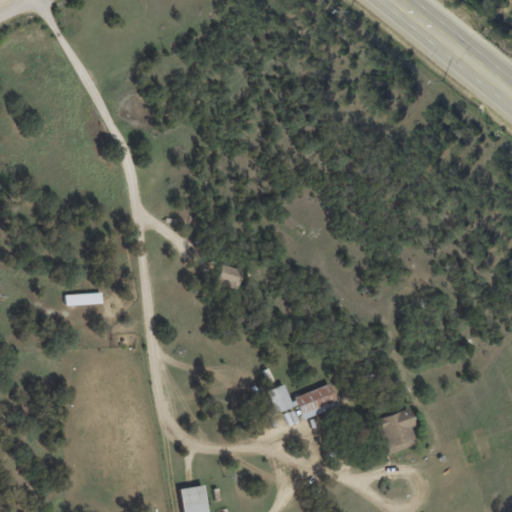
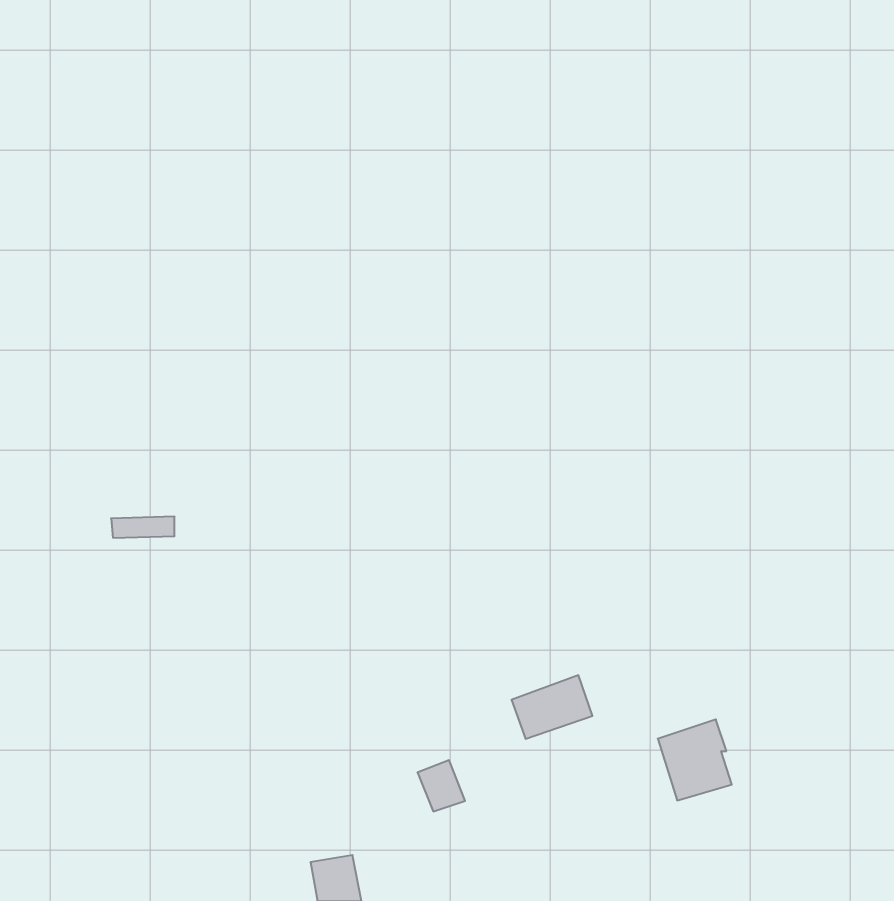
building: [218,264,245,288] -> none
building: [267,384,294,413] -> [417,760,465,811]

